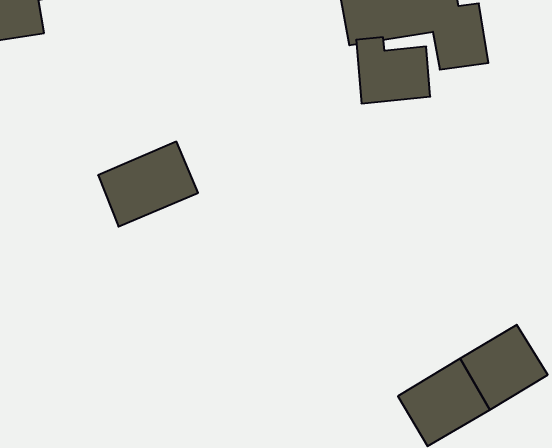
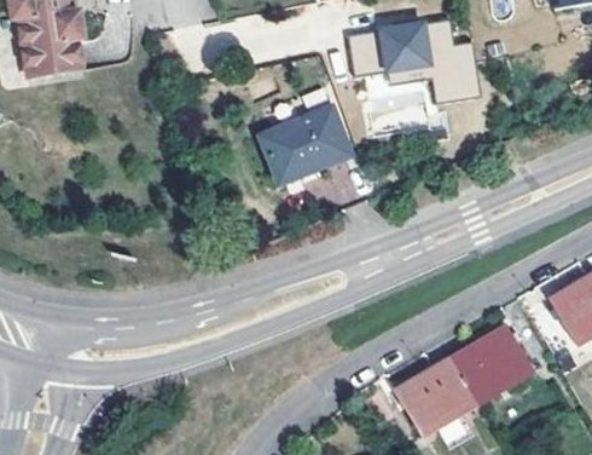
building: [98,142,198,227] -> [262,105,352,182]

